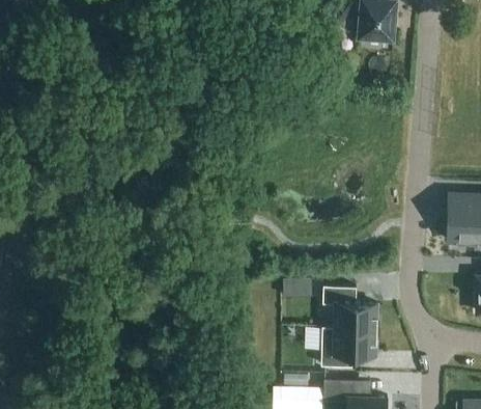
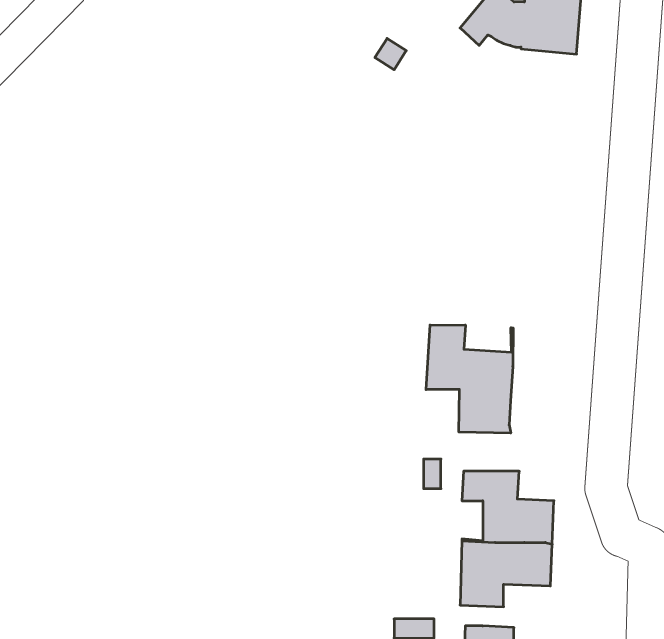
building: none -> [426,325,513,433]

